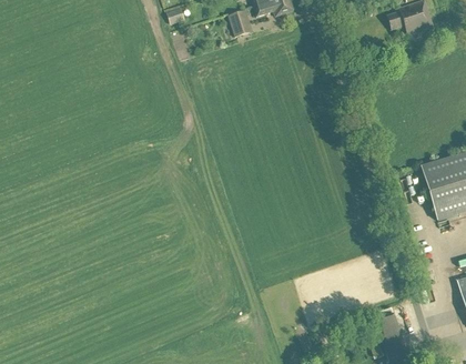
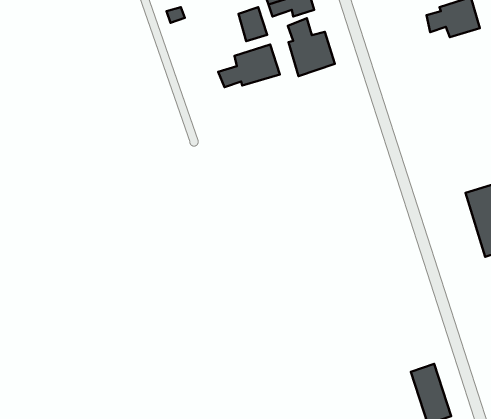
building: none -> [288,18,335,76]
building: none -> [218,45,280,87]

